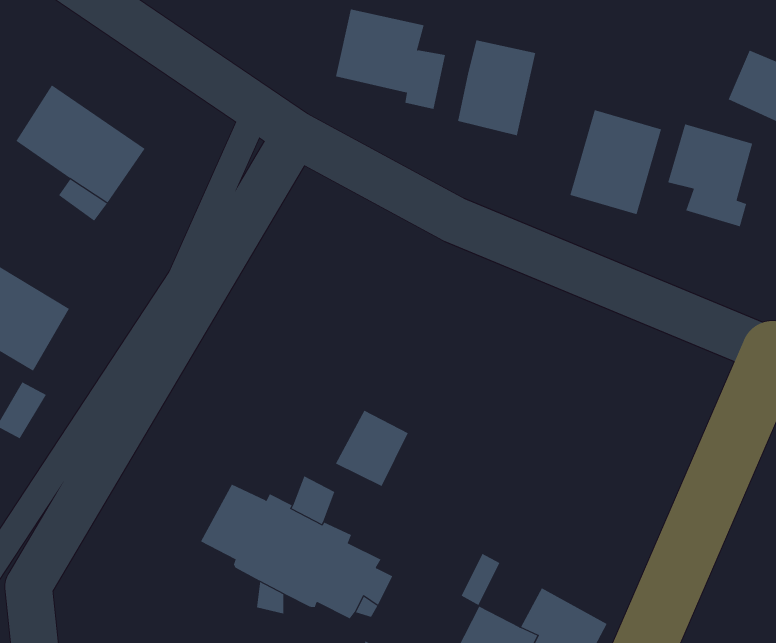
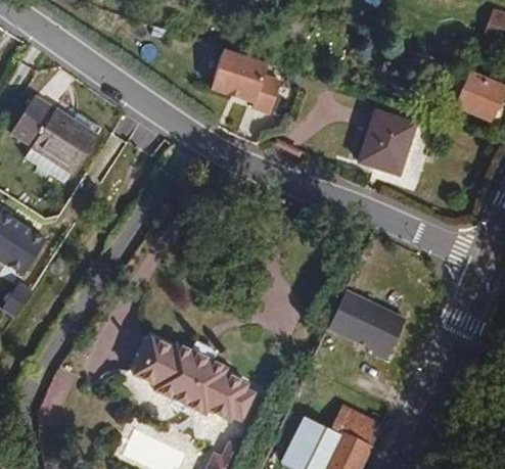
building: [457,40,536,136] -> none
building: [668,123,753,227] -> none
building: none -> [324,289,406,356]
building: [335,410,408,487] -> none

